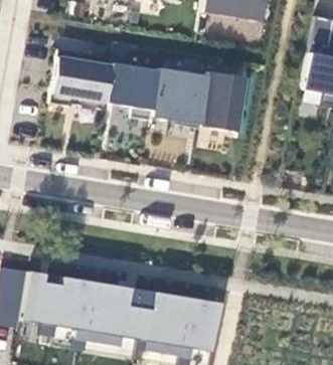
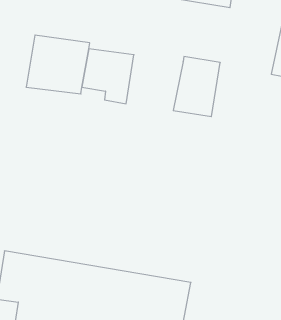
building: [152,65,210,126] -> none

